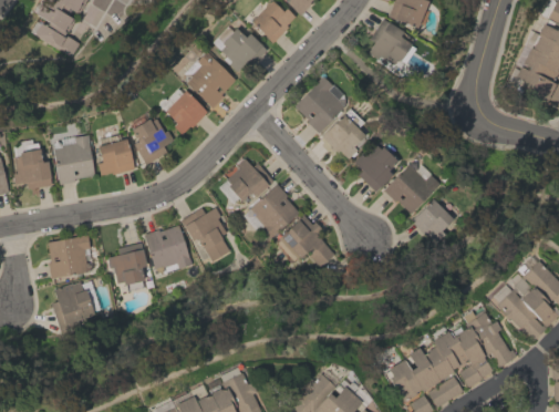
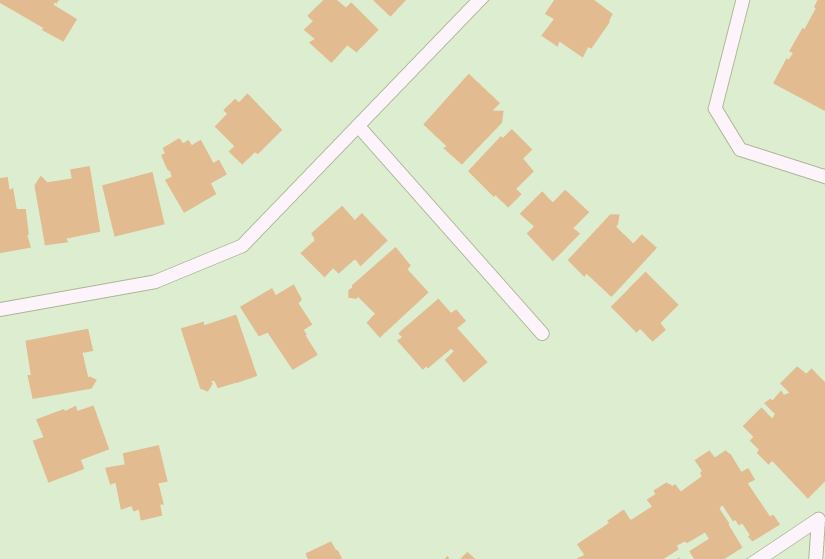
building: [184,50,236,107] -> none
building: [107,244,147,291] -> [104,444,168,521]

